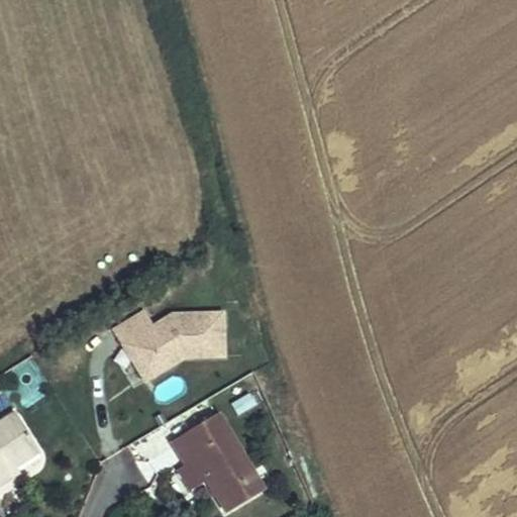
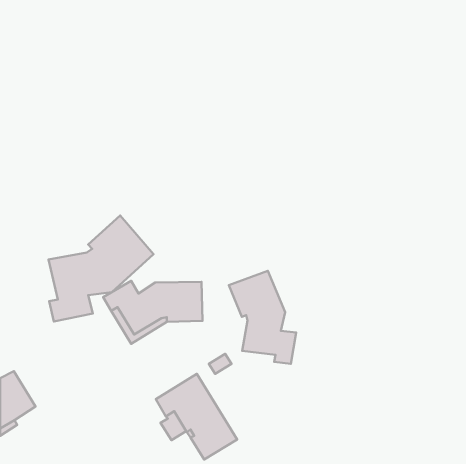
building: none -> [49,216,153,321]
building: none -> [229,271,296,364]

